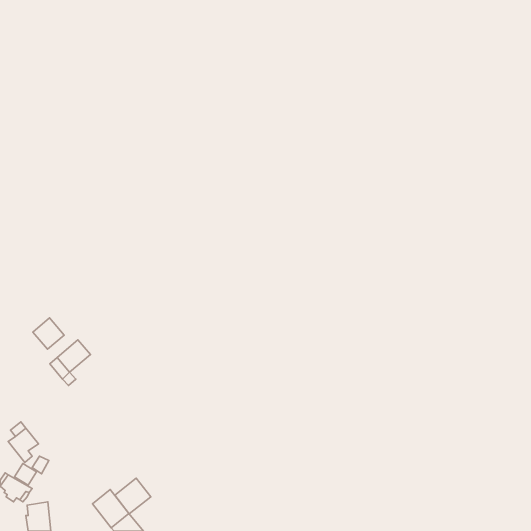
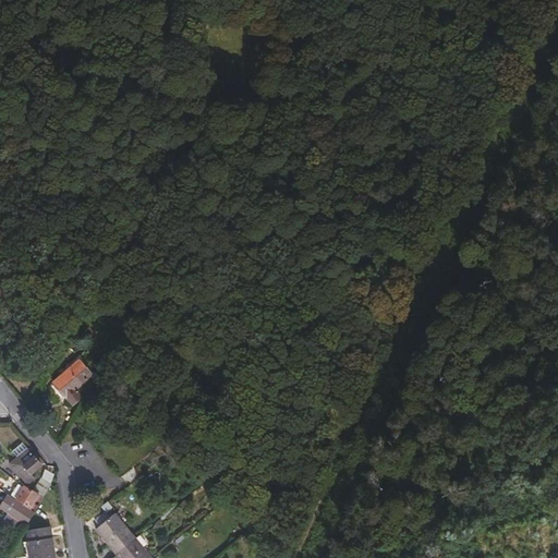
building: [33,318,64,349] -> none
building: [115,478,151,514] -> none

